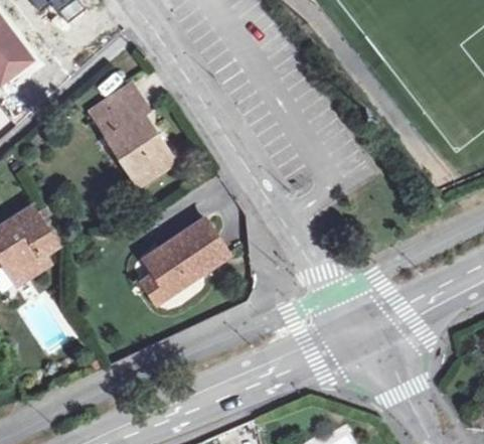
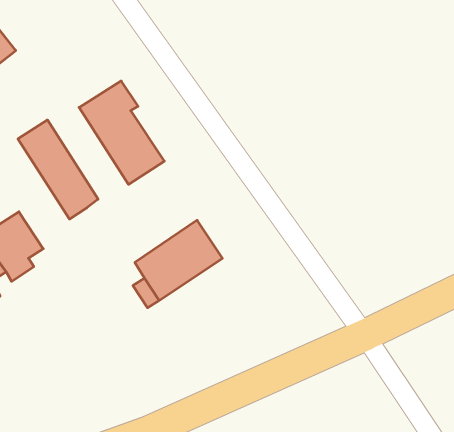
building: none -> [18,120,98,219]

